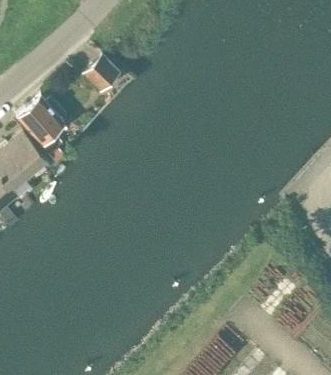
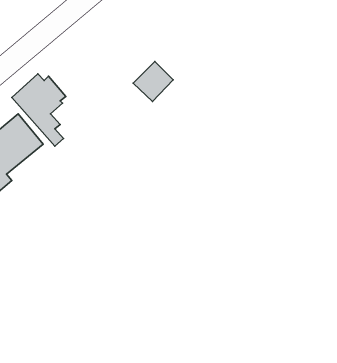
building: [82,54,119,91] -> [133,61,173,101]

